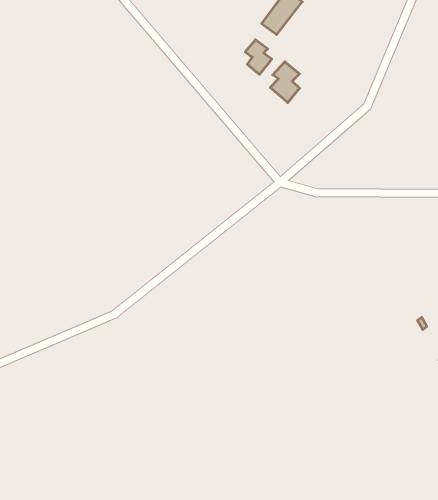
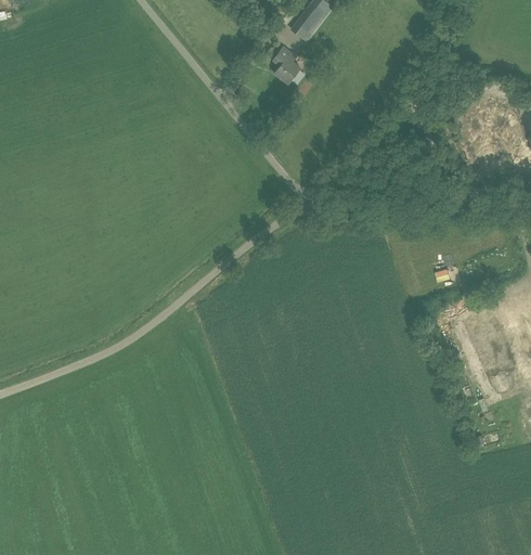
building: [270,62,300,103] -> none

